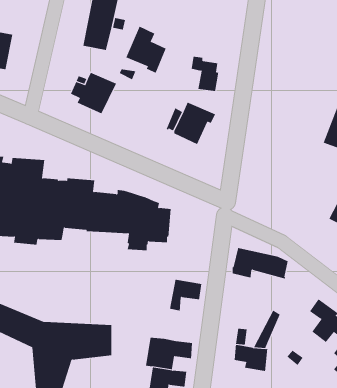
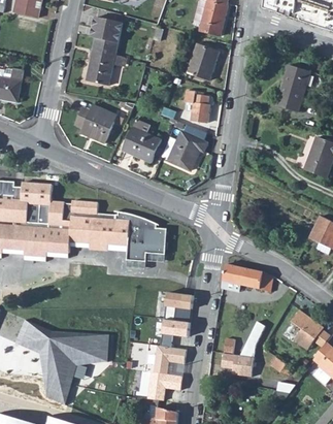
building: none -> [187,43,219,79]
building: [125,26,166,73] -> [123,119,160,162]
building: none -> [275,64,309,111]
building: none -> [160,319,191,348]

